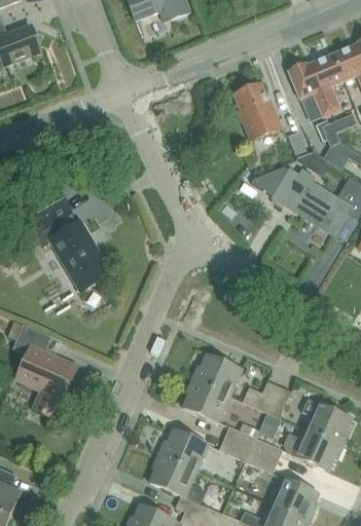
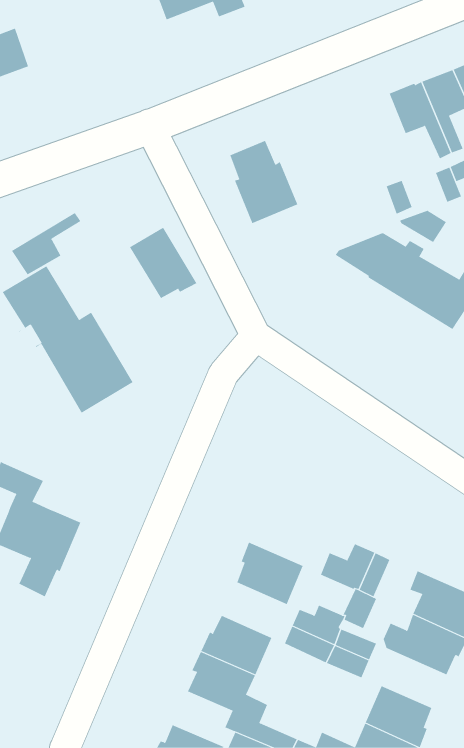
building: [234,83,282,141] -> [230,140,298,224]
building: none -> [11,212,81,275]
building: none -> [129,227,197,299]
building: [191,353,242,396] -> none

